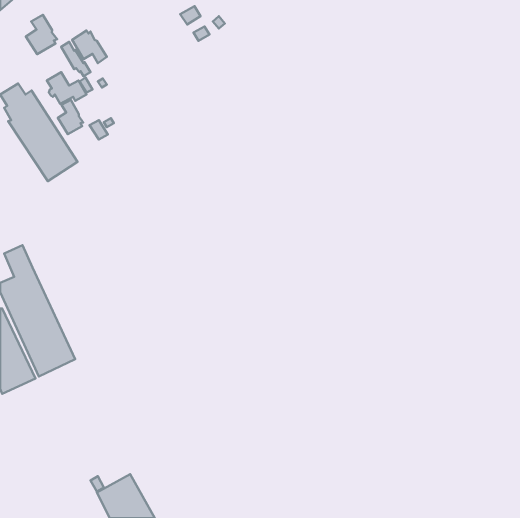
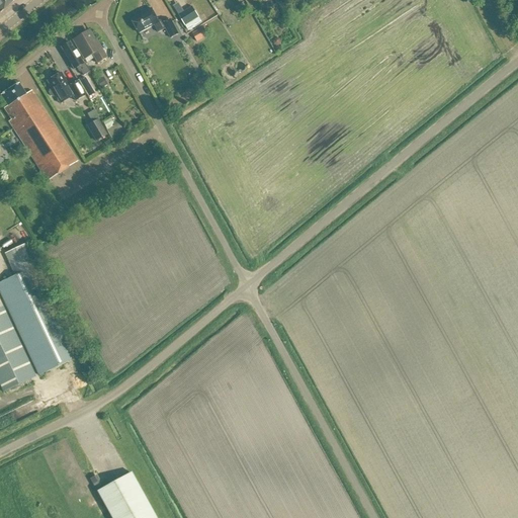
building: none -> [132,7,179,37]
building: [26,15,57,54] -> none
building: [58,100,83,134] -> none

